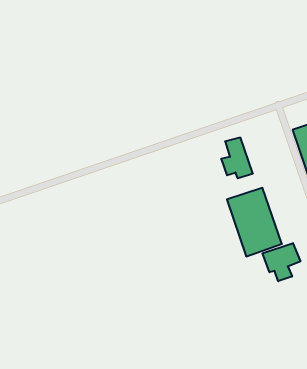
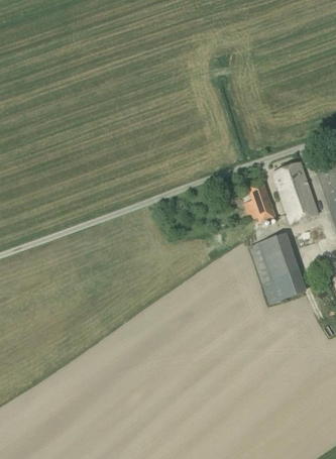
building: none -> [271,162,318,224]
building: [263,243,300,281] -> none

